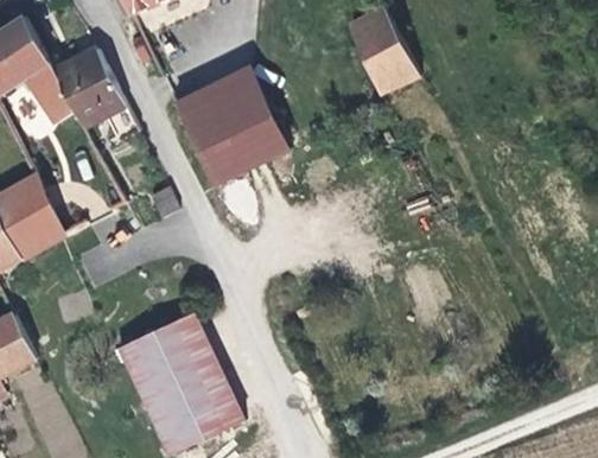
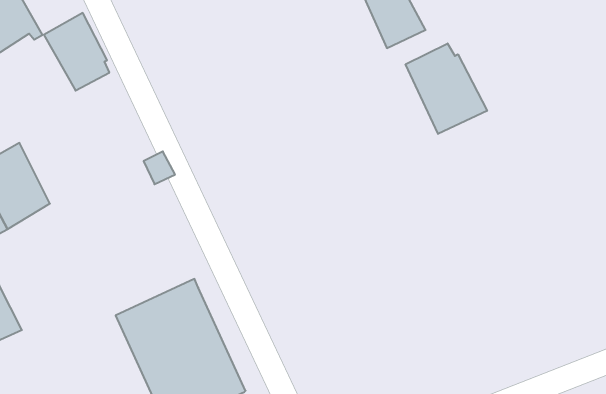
building: [174,59,292,180] -> none
building: none -> [406,43,487,134]

